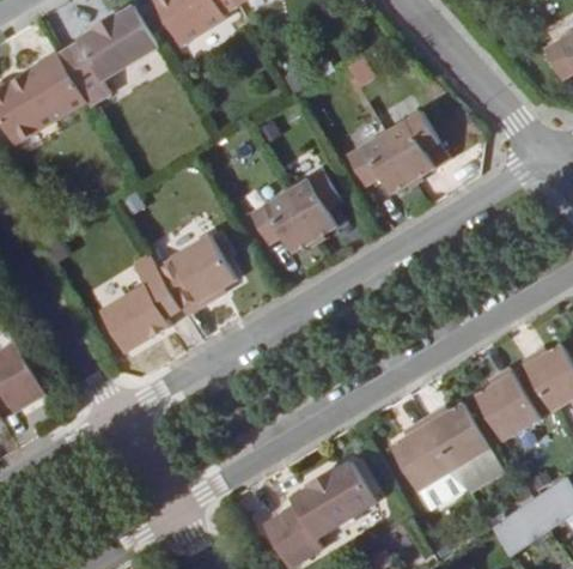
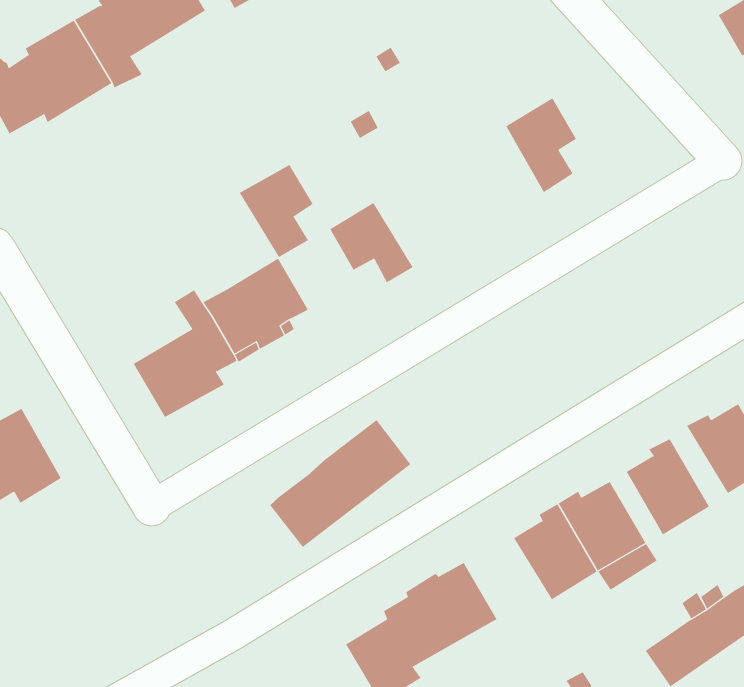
building: [347,133,413,196] -> none
building: [285,169,341,240] -> [239,164,314,258]
building: none -> [269,419,411,548]

